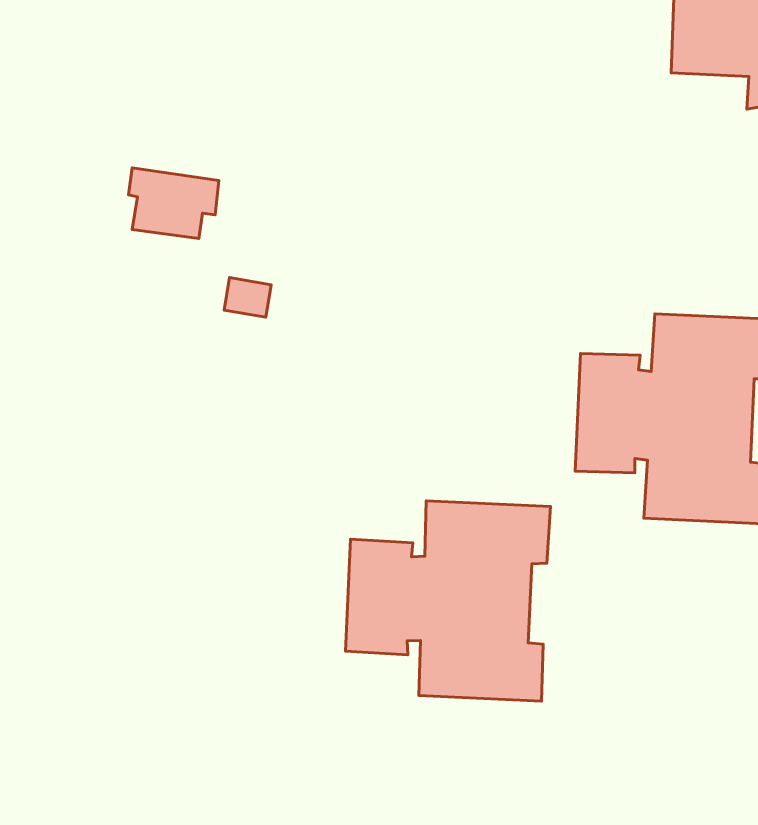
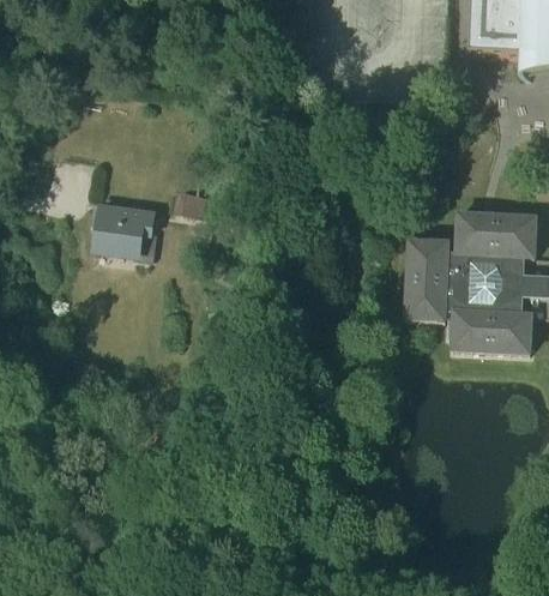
building: [128,168,219,238] -> [93,204,153,251]
building: [346,501,550,701] -> none

